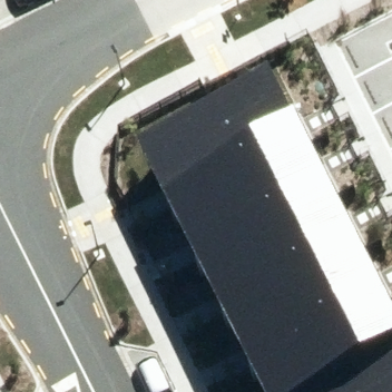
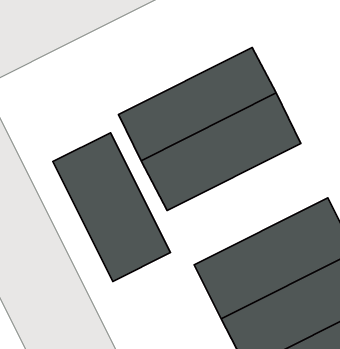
building: none -> [53,133,170,281]
building: [184,164,350,288] -> none

